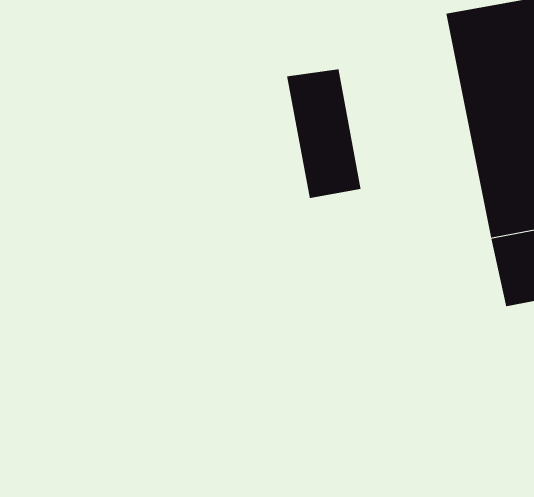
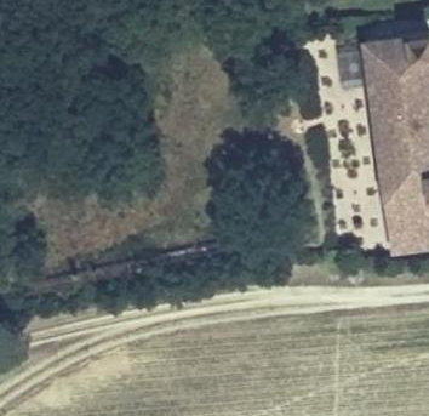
building: [286,68,361,199] -> none

